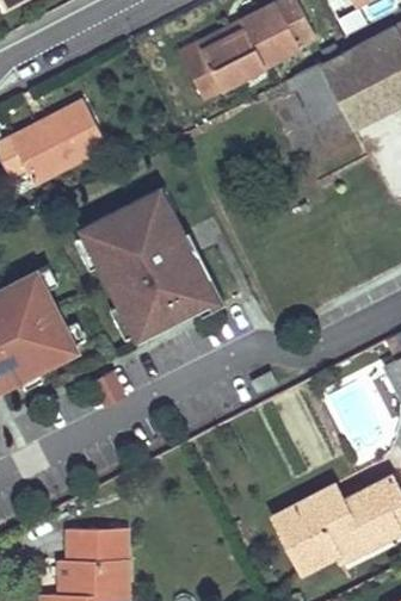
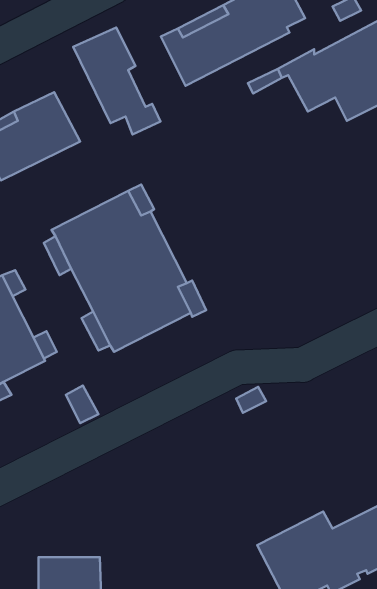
building: none -> [73,27,161,134]

